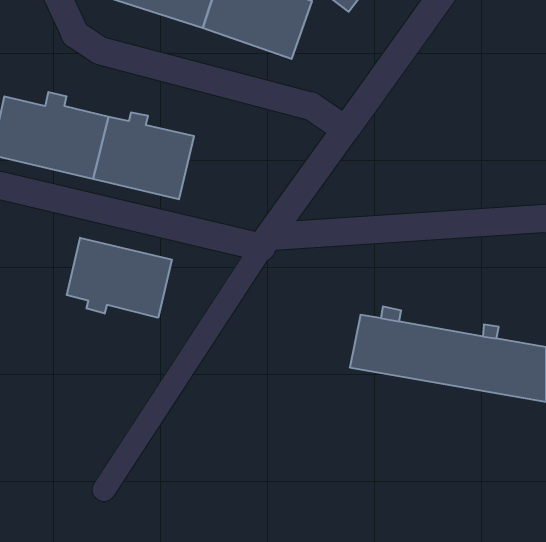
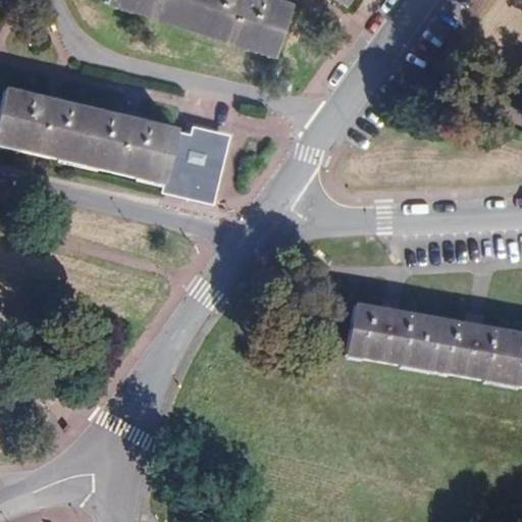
building: none -> [169,119,236,206]
building: [67,238,172,318] -> none

